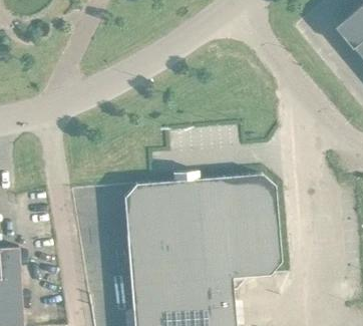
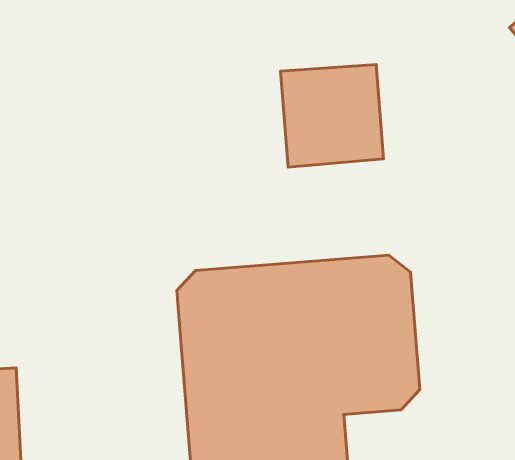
building: none -> [281,64,383,167]

